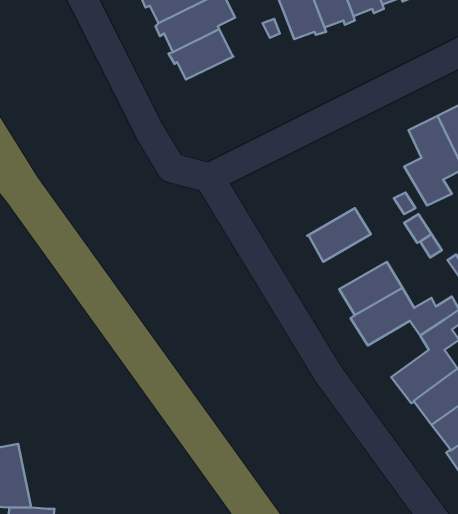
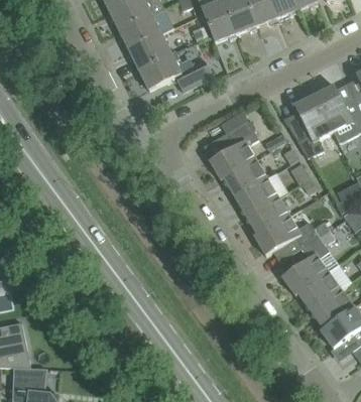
building: none -> [138,50,213,91]
building: none -> [209,120,258,180]
building: none -> [234,177,278,216]

